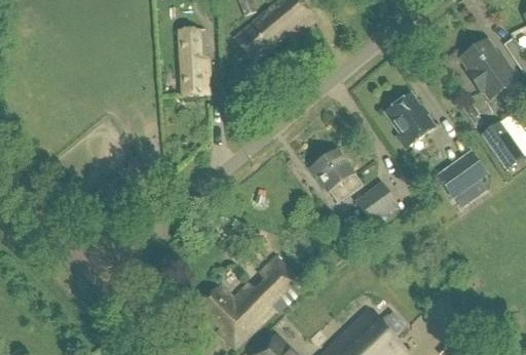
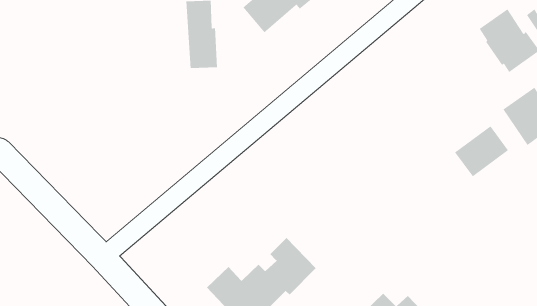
building: [383,92,435,148] -> none
building: [309,148,363,202] -> none
building: [354,182,399,225] -> none

